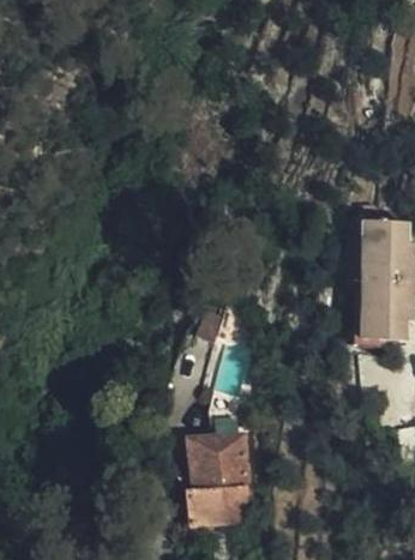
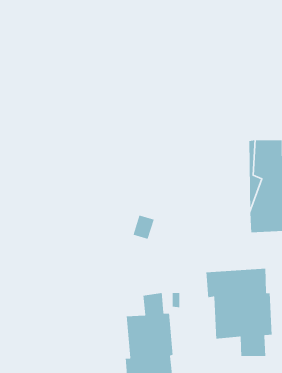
building: none -> [206,268,272,357]

